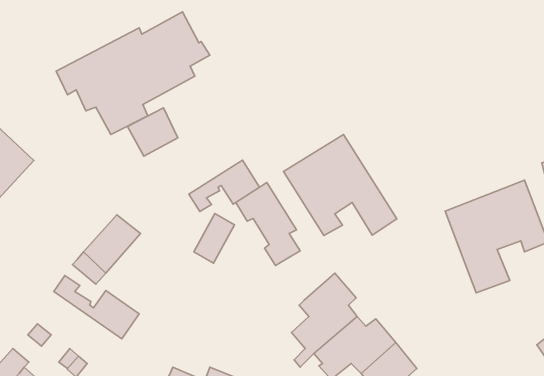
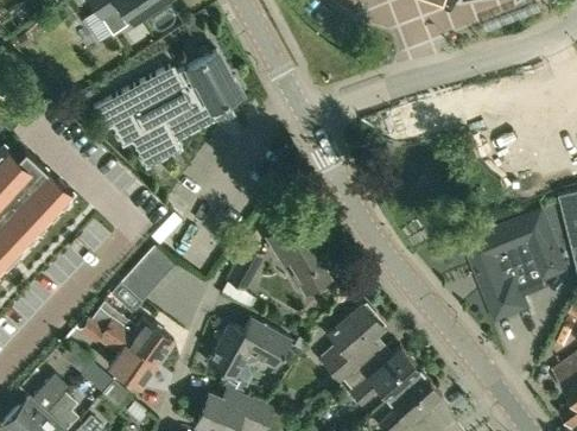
building: [127,108,178,156] -> none
building: [284,135,397,235] -> none
building: [189,160,260,212] -> none
building: none -> [207,318,291,380]
building: none -> [78,319,157,391]

